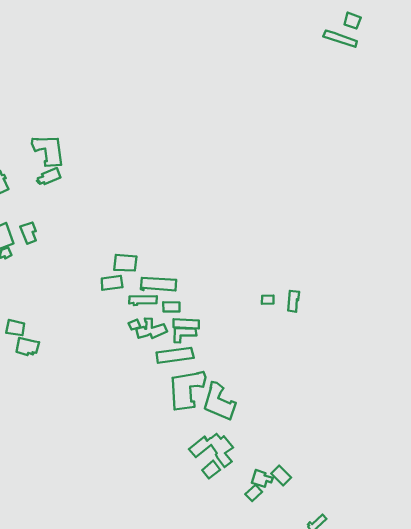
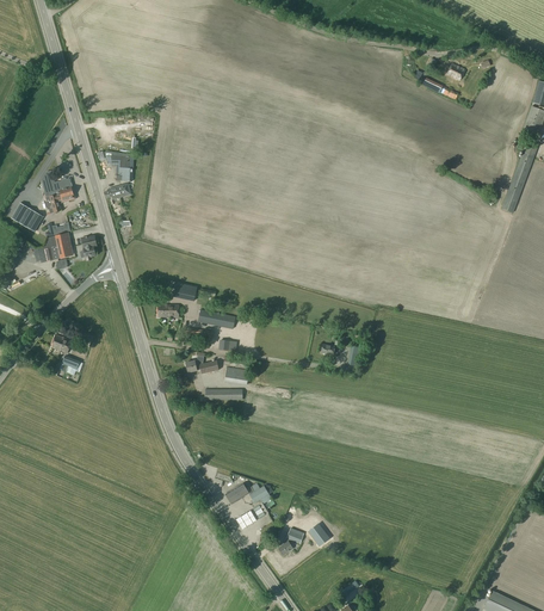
building: [173,372,205,410] -> none
building: [205,382,236,419] -> none

